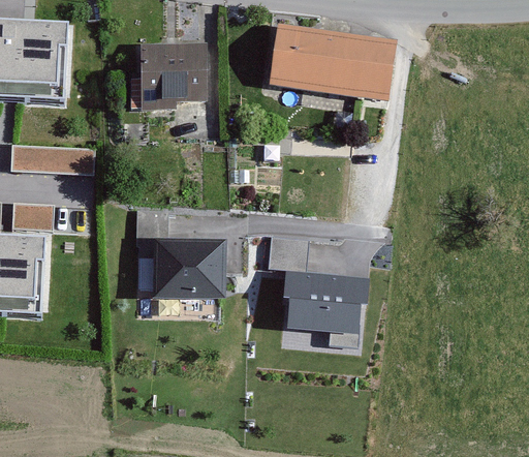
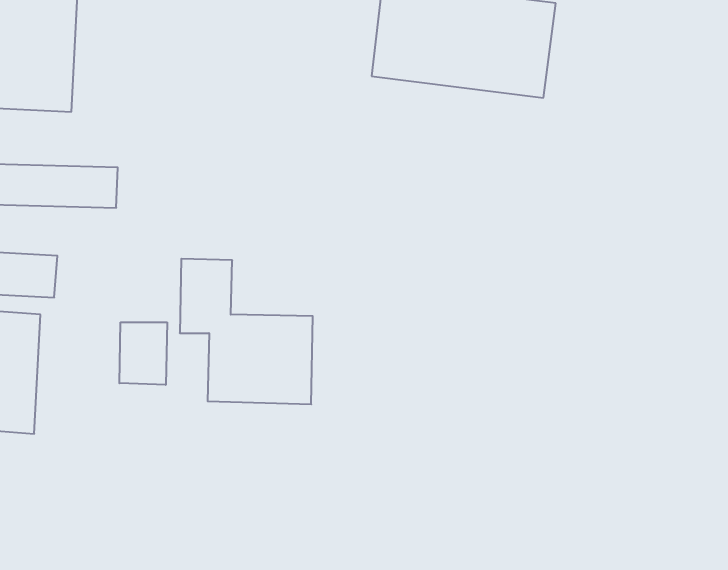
building: [128,42,197,100] -> none
building: [268,234,371,336] -> none
building: none -> [119,322,167,385]

